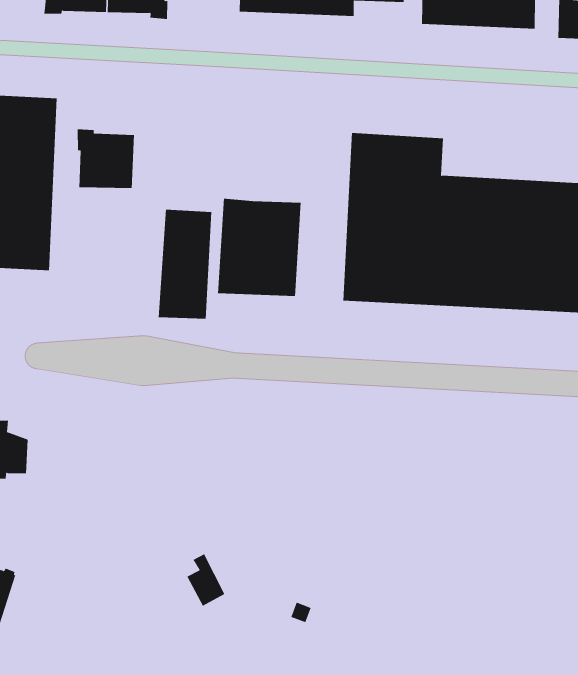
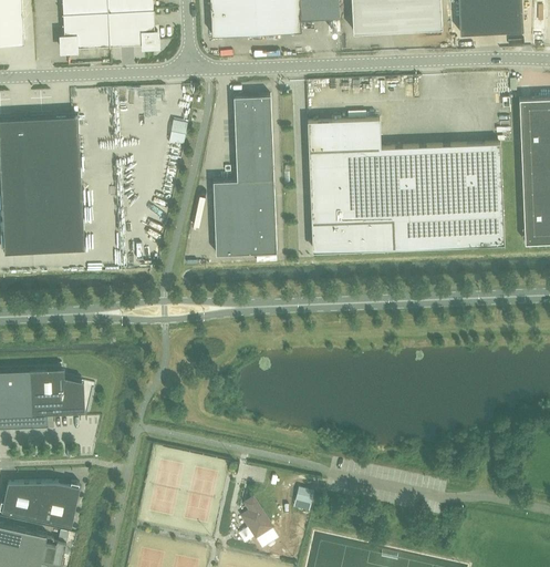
building: [77,128,134,189] -> none
building: [158,209,212,319] -> [235,96,274,182]
building: [187,554,225,606] -> [241,498,272,539]

